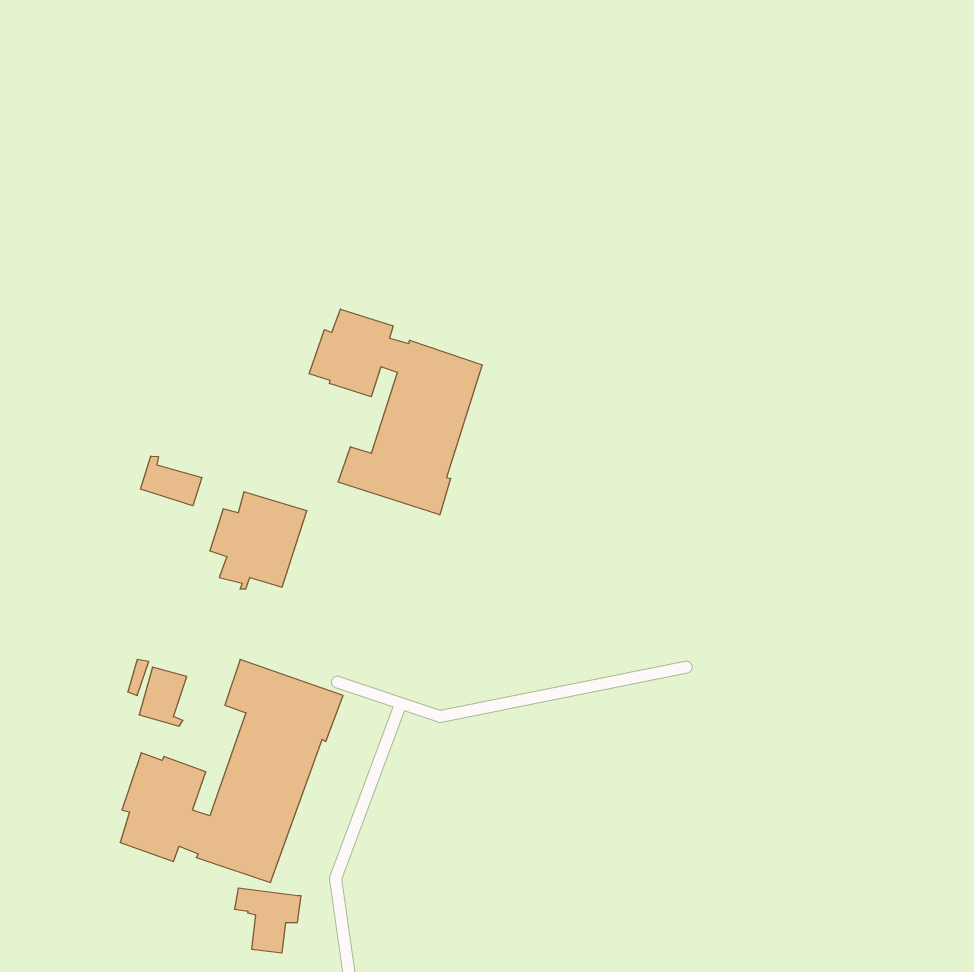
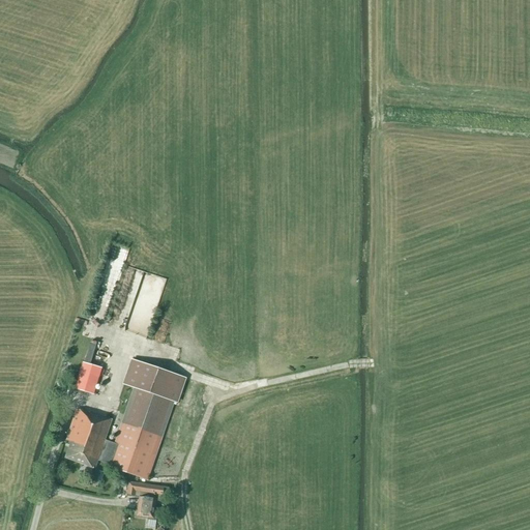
building: [309,309,482,515] -> none
building: [141,456,202,506] -> none

